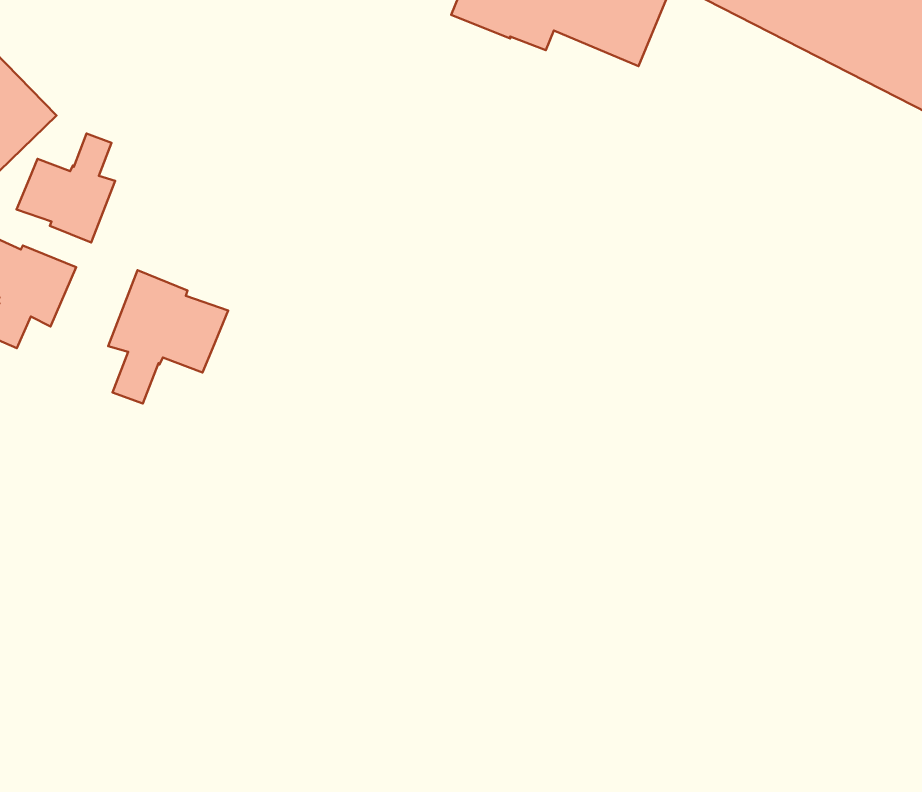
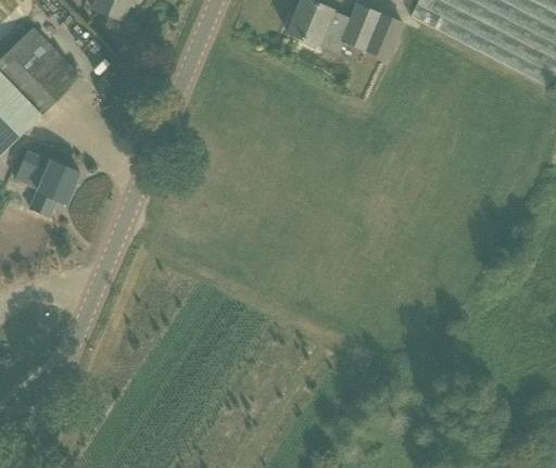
building: [16,134,115,243] -> none
building: [108,270,228,404] -> none

